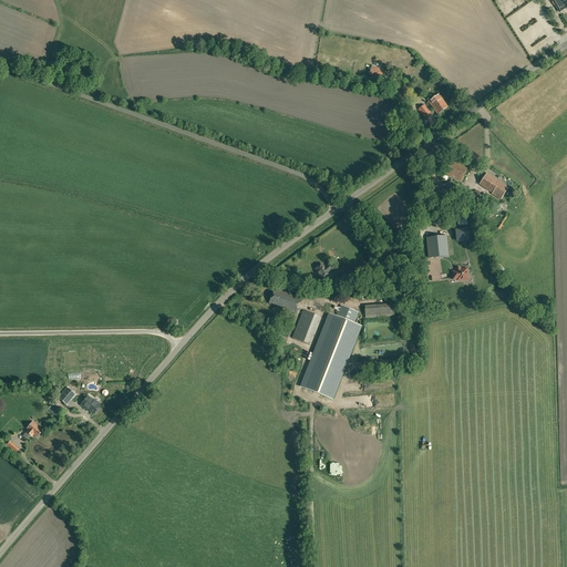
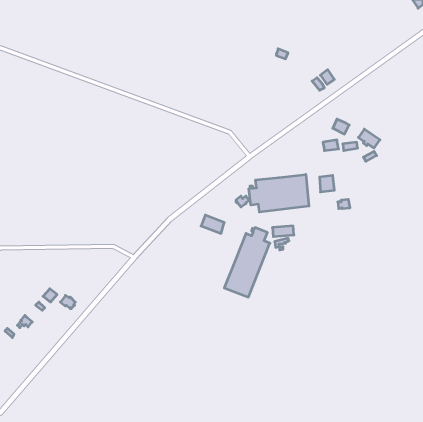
building: none -> [249,174,309,212]
building: [292,309,320,344] -> none

